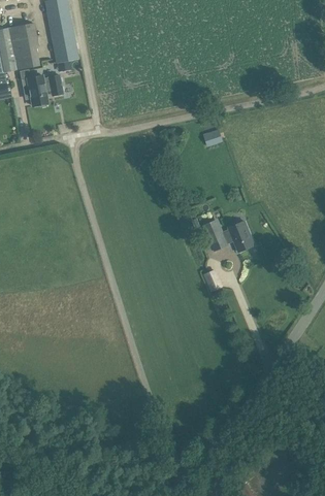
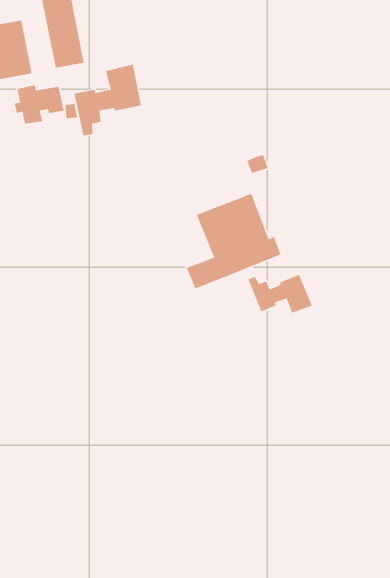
building: none -> [74,64,142,136]
building: none -> [186,193,282,289]

